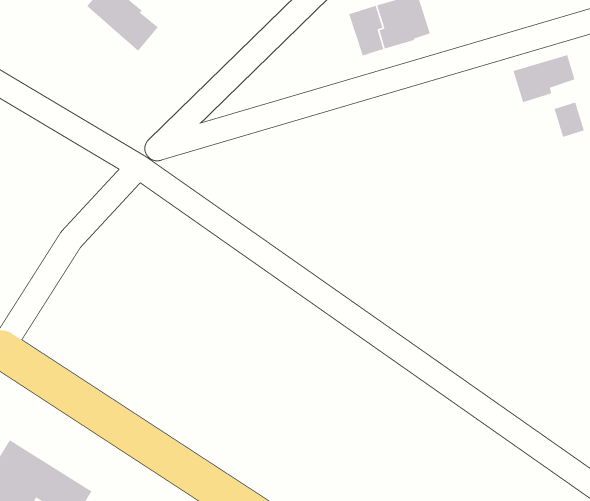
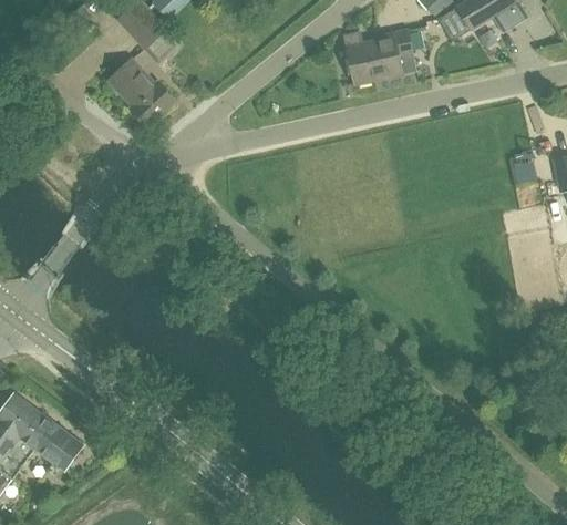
building: none -> [107,59,173,124]
building: [512,54,576,103] -> none

